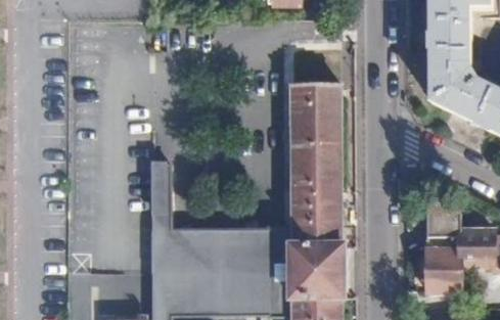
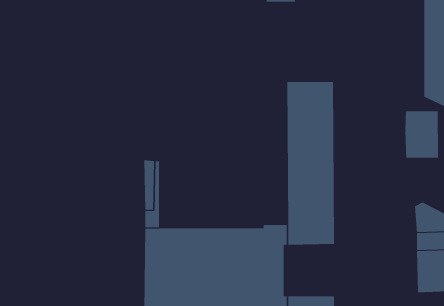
building: none -> [405,110,439,159]
building: [290,245,344,296] -> none

